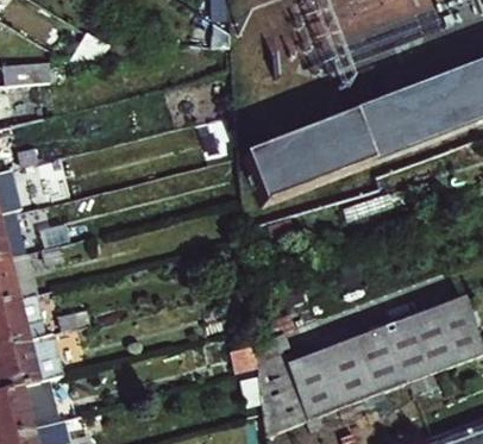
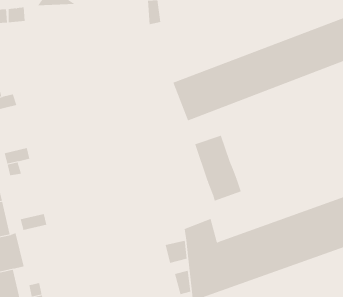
building: none -> [195,135,242,201]

